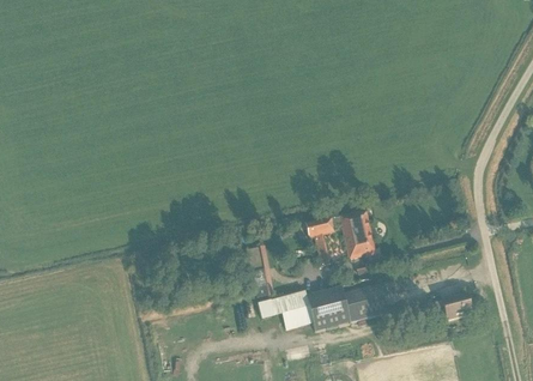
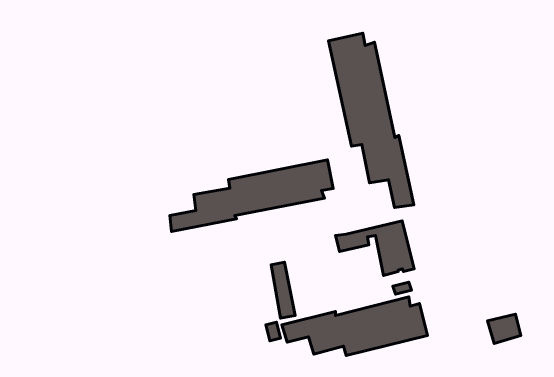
building: none -> [328,33,414,208]
building: none -> [170,160,333,231]

